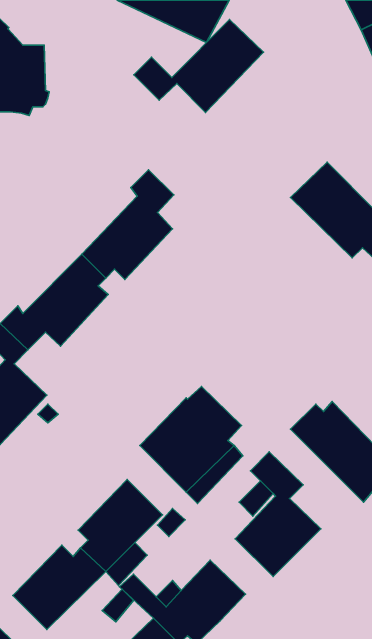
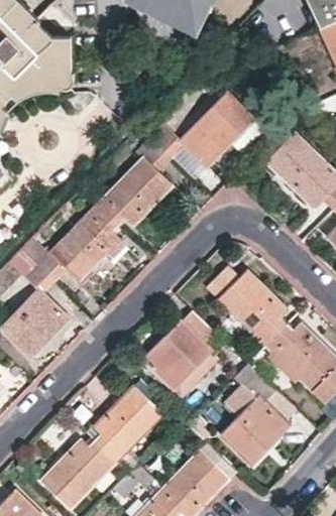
building: [134,19,263,113] -> [151,94,255,168]
building: none -> [206,266,286,346]

